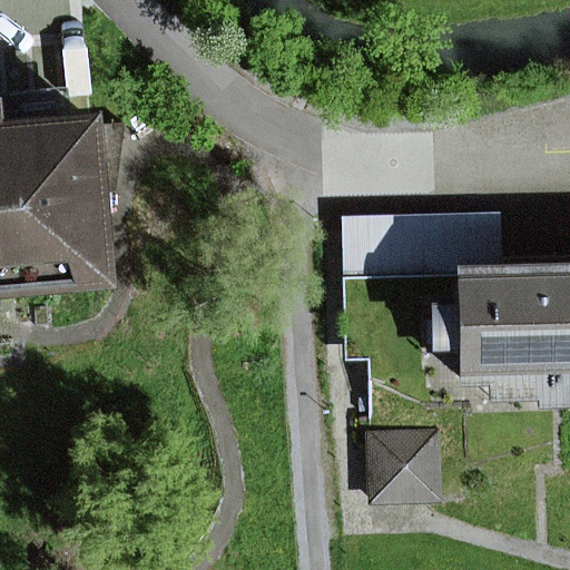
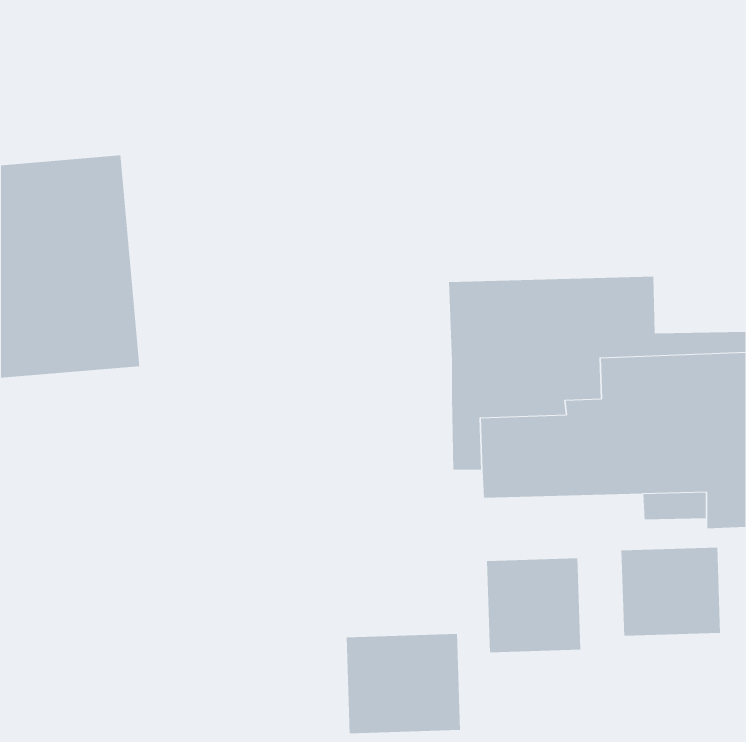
building: none -> [621,547,721,637]
building: none -> [346,633,460,734]

